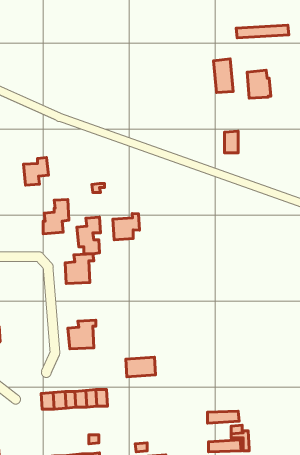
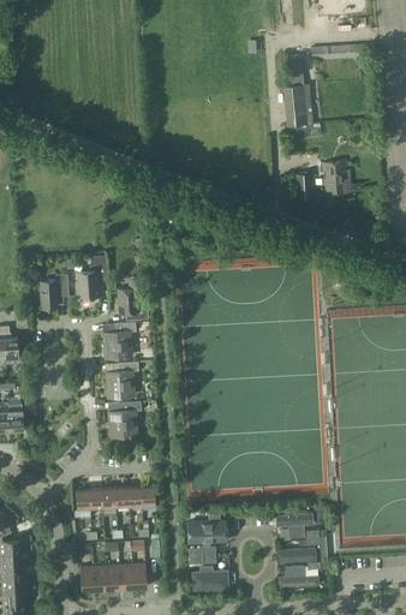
building: [247,70,271,98] -> [322,161,351,195]
building: [24,157,48,185] -> [40,274,70,308]
building: [113,214,139,240] -> none
building: none -> [106,363,139,398]
building: [126,357,156,377] -> [189,514,225,538]

